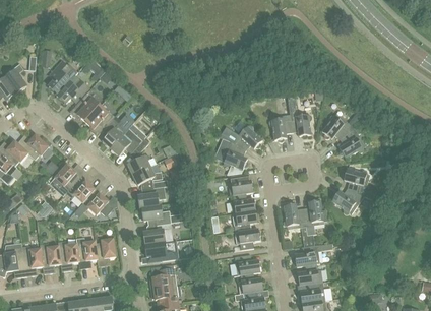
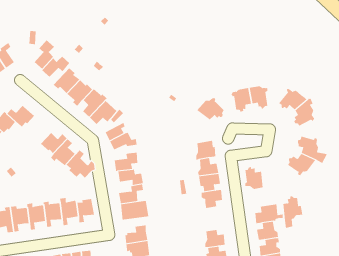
building: [224,139,247,174] -> none
building: [303,198,326,235] -> [282,196,303,228]
building: [234,254,260,274] -> none

